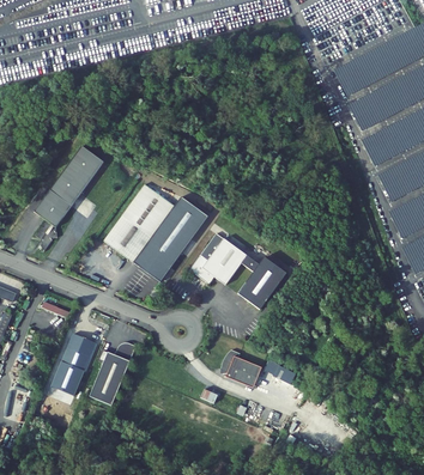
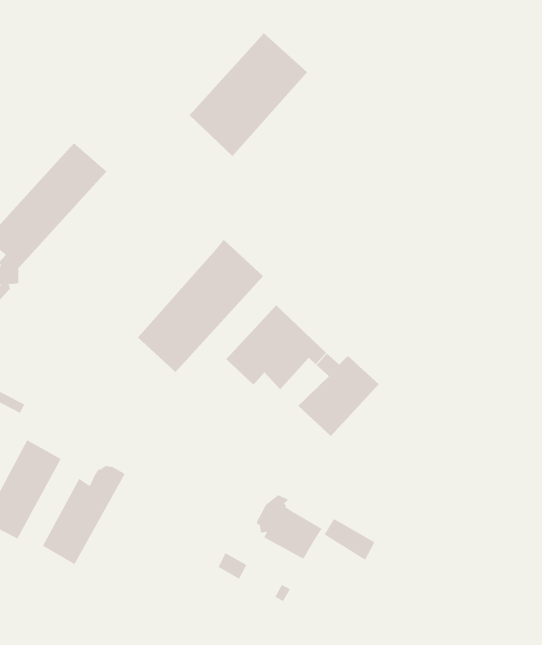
building: [103,183,174,262] -> [189,32,308,157]

